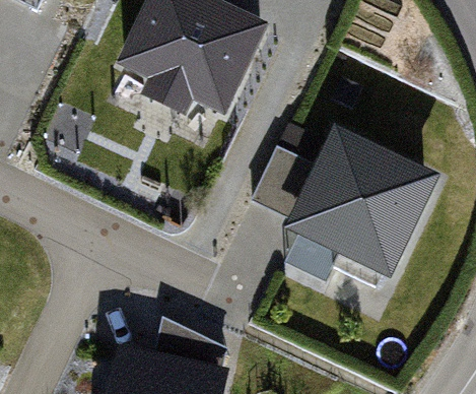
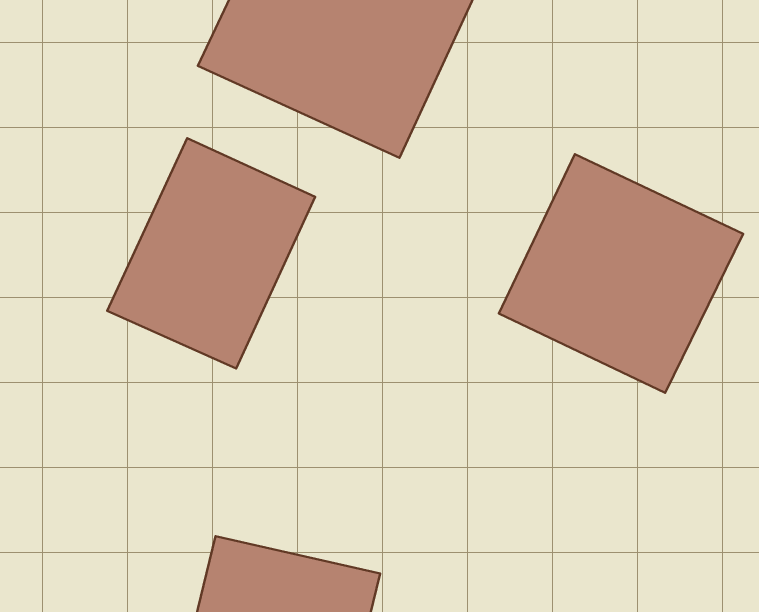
building: none -> [107,138,315,368]

